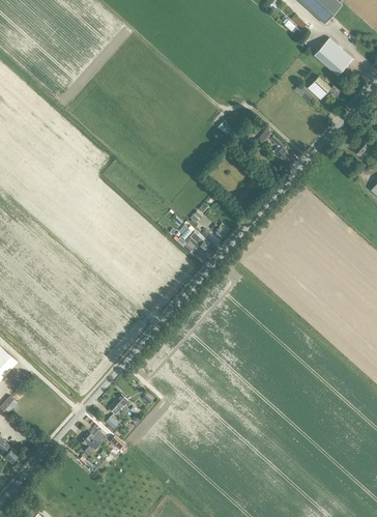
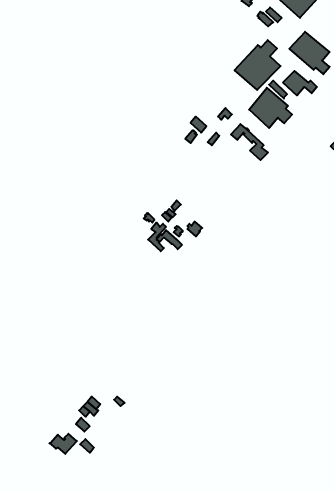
building: none -> [235,40,281,90]
building: none -> [249,88,292,128]

